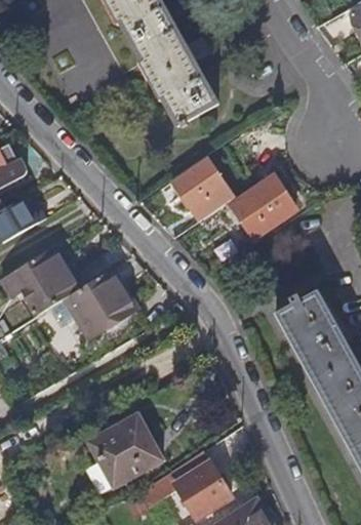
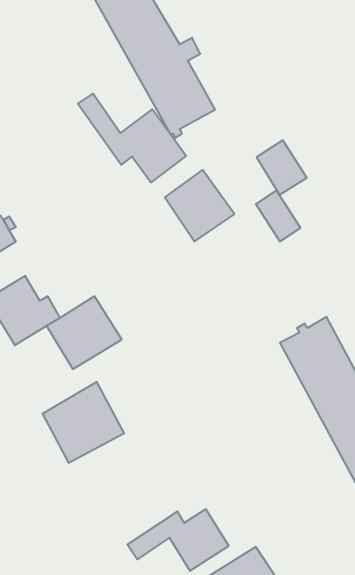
building: none -> [78,94,186,182]
building: [231,188,276,237] -> [257,140,307,195]
building: [89,414,163,487] -> [42,382,124,463]

